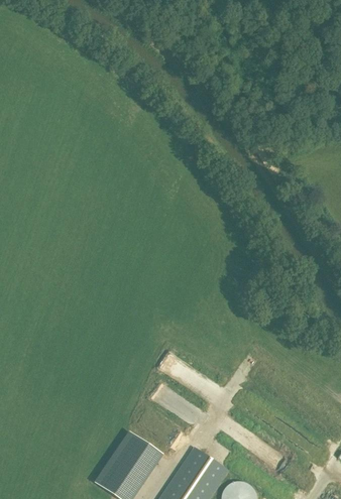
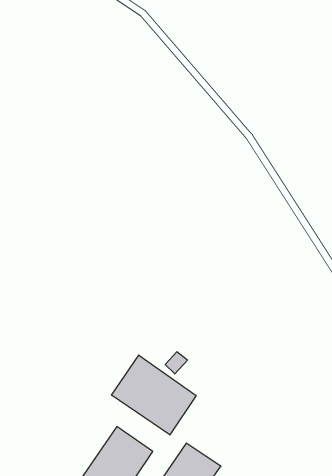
building: none -> [112,355,196,435]

